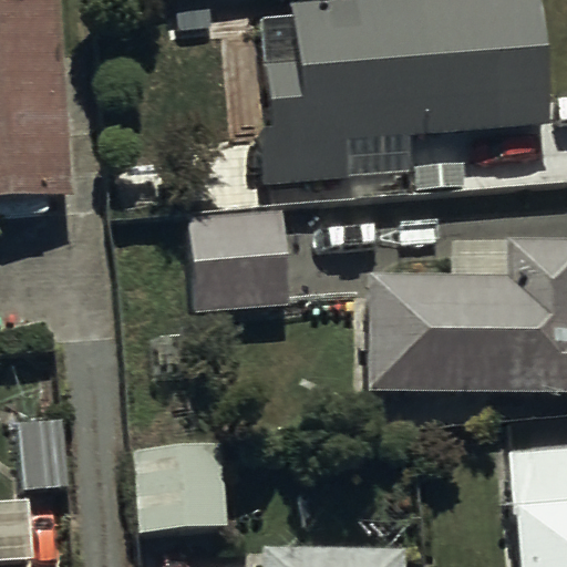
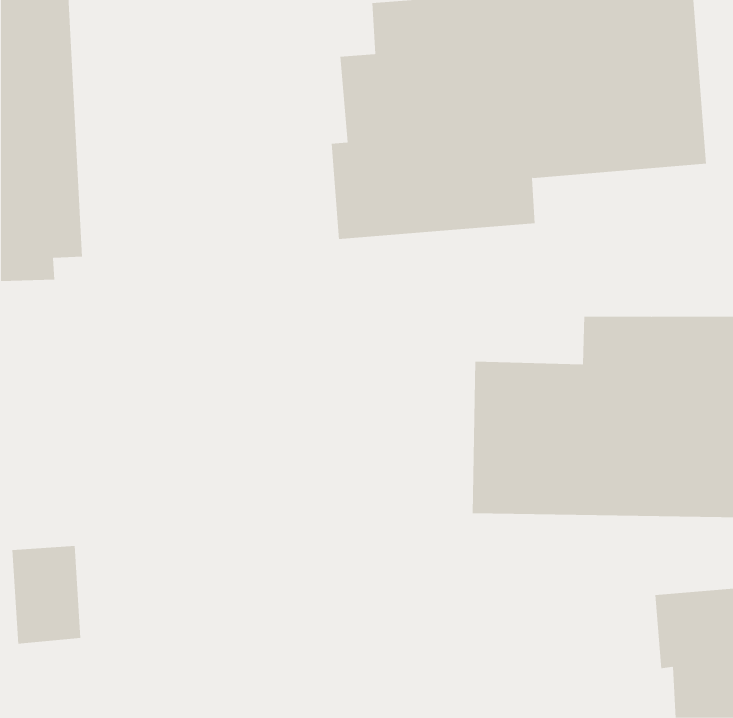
building: [188,210,289,310] -> none
building: [130,441,225,528] -> none

